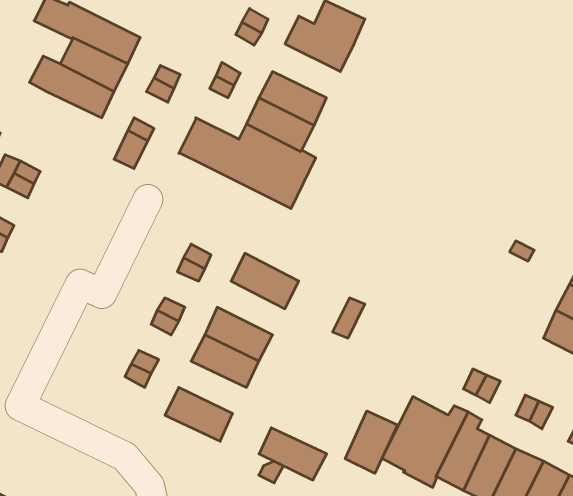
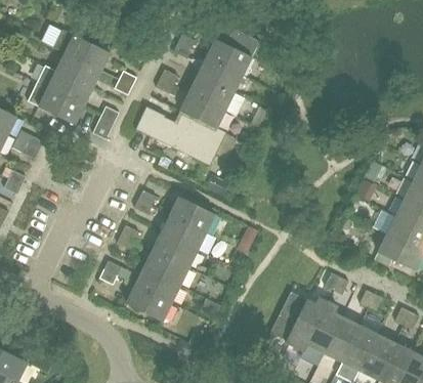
building: none -> [198,56,243,92]
building: none -> [27,82,84,124]
building: none -> [161,214,206,250]
building: [345,411,398,473] -> none
building: [259,428,327,480] -> [135,267,180,302]

